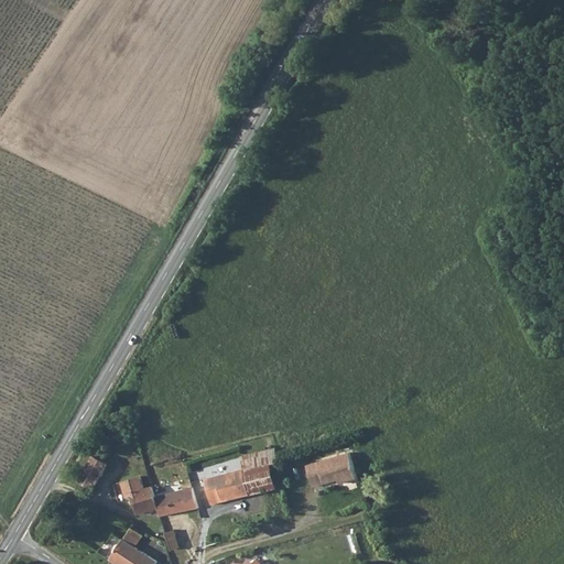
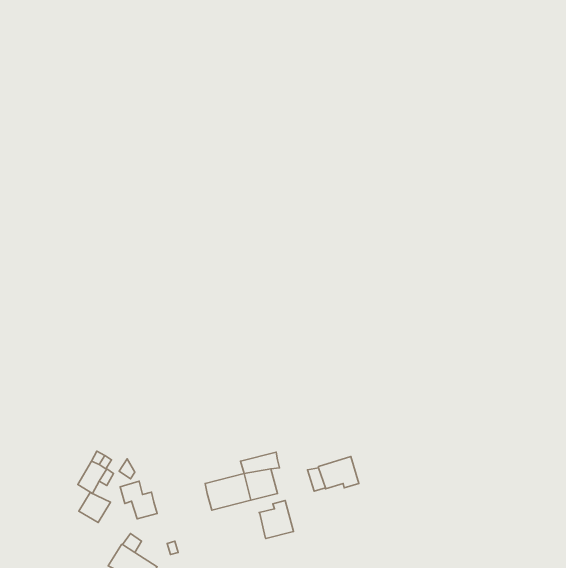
building: [152,488,195,517] -> none
building: none -> [79,492,110,523]
building: none -> [259,501,293,538]

